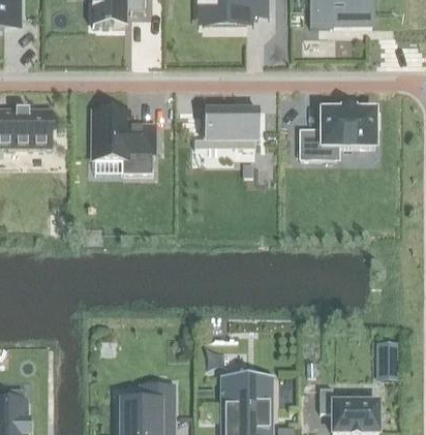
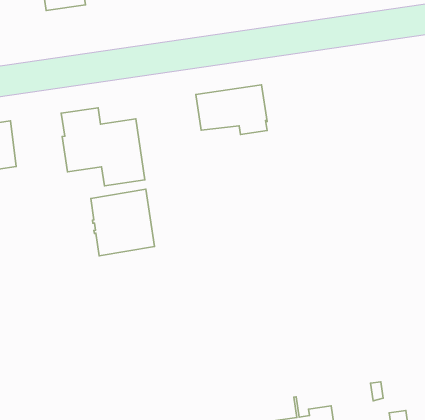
building: [300,110,377,159] -> none
building: none -> [91,189,154,256]

